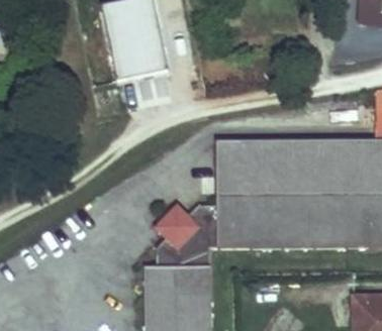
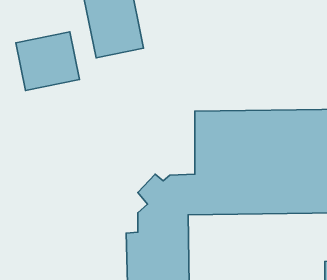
building: none -> [16,32,79,91]

